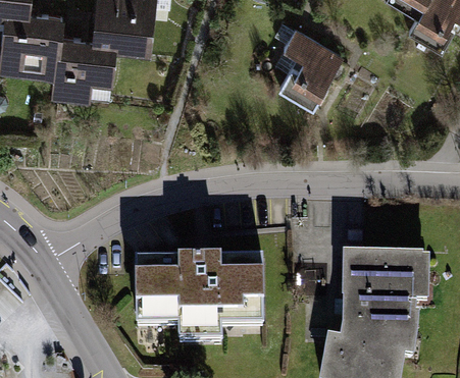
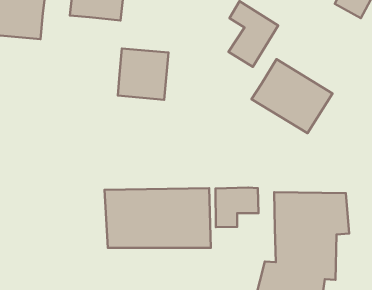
building: [54,41,115,103] -> [118,48,168,100]
building: none -> [252,59,332,133]
building: none -> [215,188,258,227]

